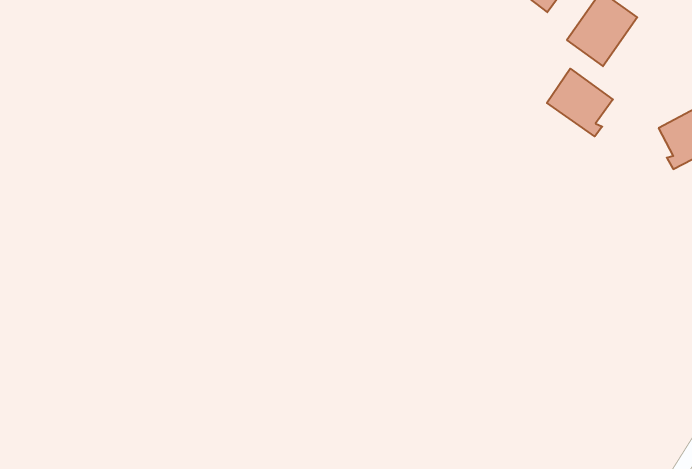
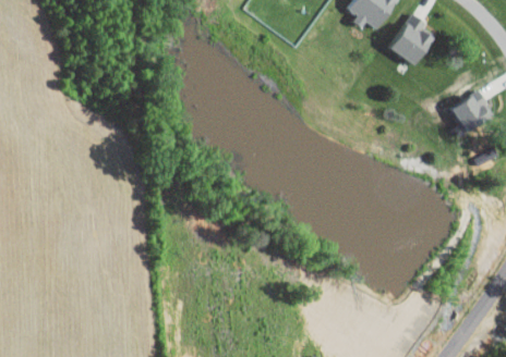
building: [547,69,613,136] -> none

